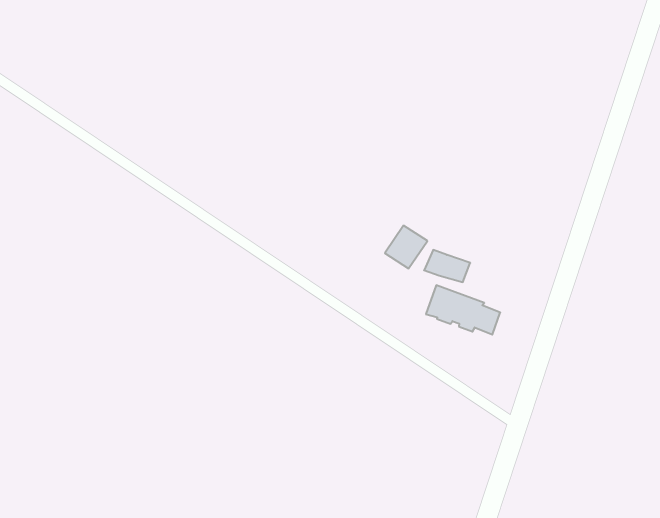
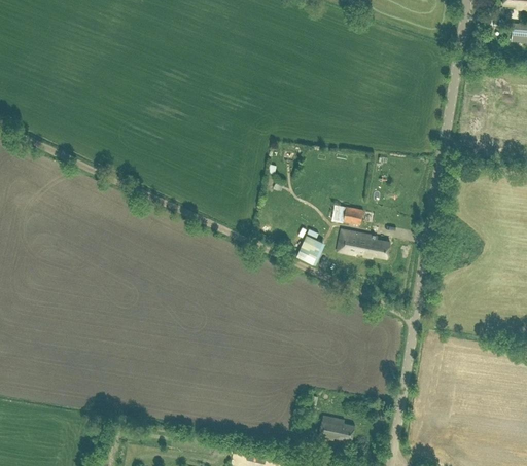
building: [385,226,427,268] -> [296,235,325,264]

